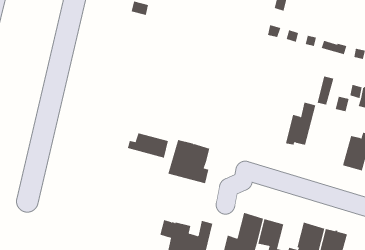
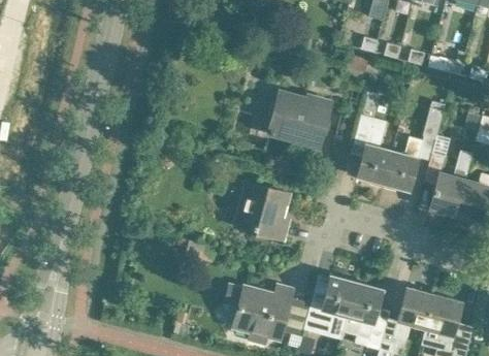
building: none -> [269,92,330,148]
building: none -> [354,112,393,188]
building: none -> [425,151,472,216]
building: [127,133,169,158] -> none

